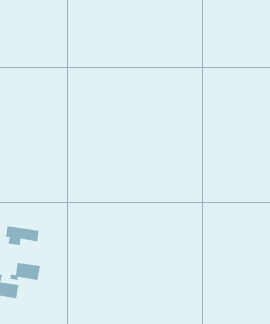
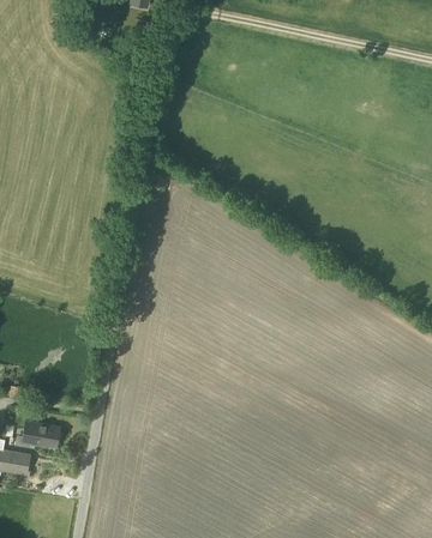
building: [5,225,39,246] -> none

